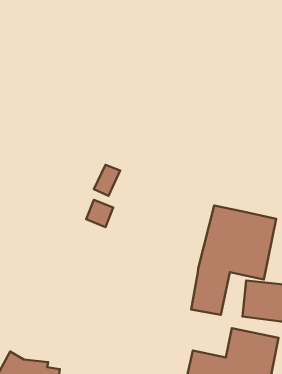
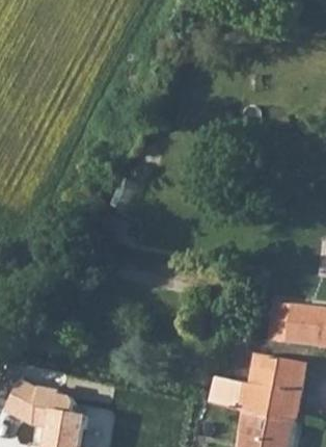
building: [191,205,276,315] -> none

